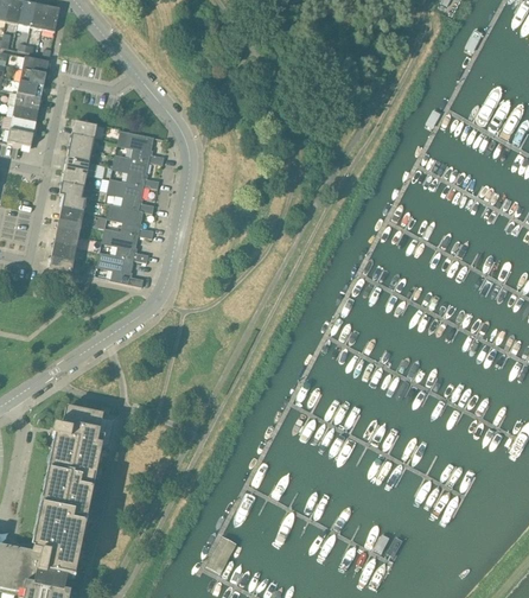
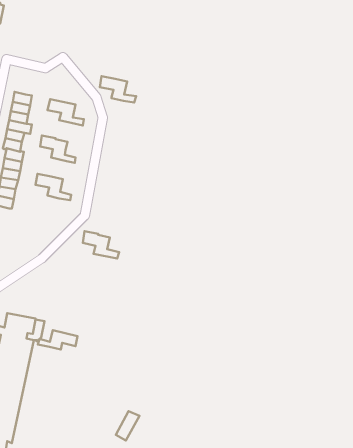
building: [111,153,159,187] -> [100,76,136,103]
building: [106,203,153,237] -> none
building: [96,250,144,286] -> [83,231,119,258]
building: none -> [38,330,78,349]

